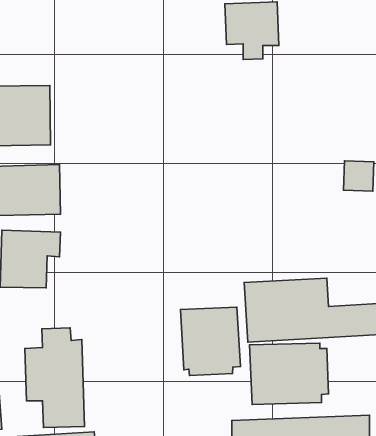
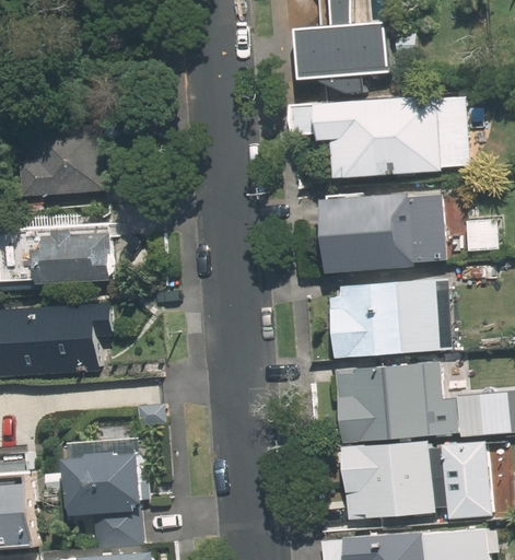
building: none -> [284,96,468,177]
building: none -> [320,191,441,271]
building: none -> [327,282,440,354]
building: [180,307,240,375] -> none
building: none -> [440,440,489,518]

